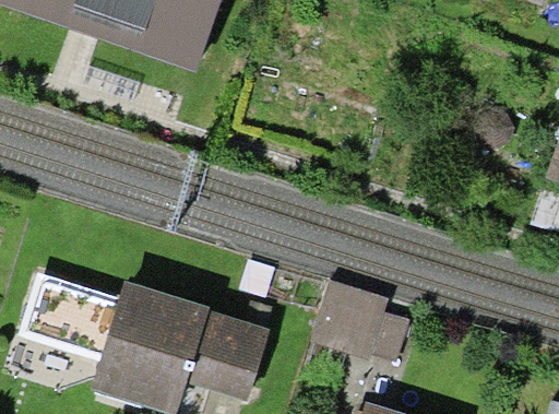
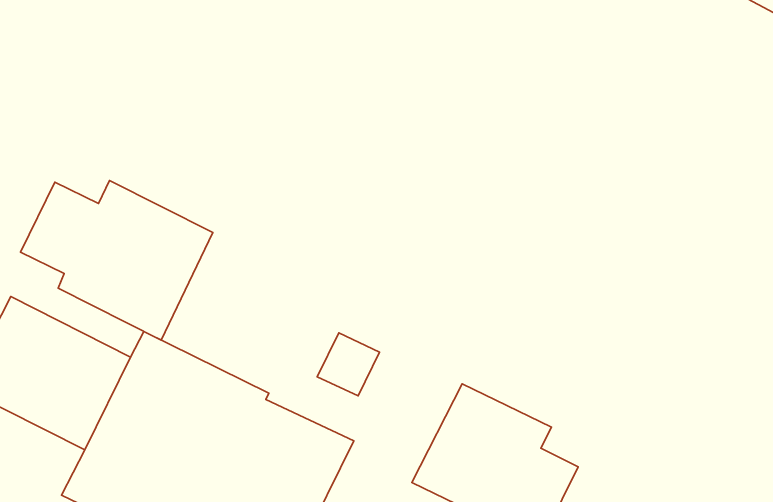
building: none -> [20,181,213,340]

